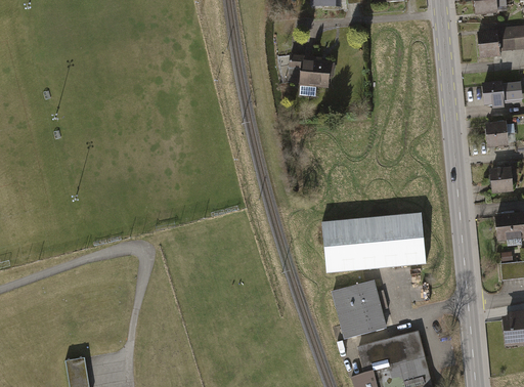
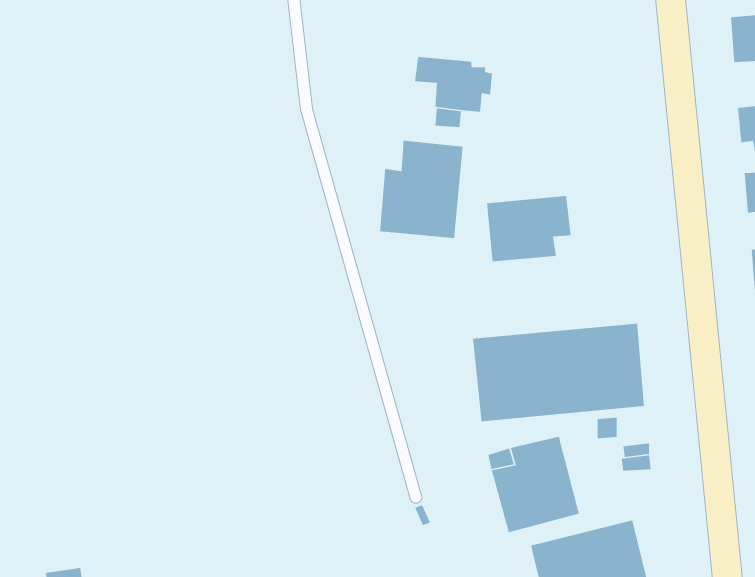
building: none -> [379,140,463,239]
building: none -> [486,195,572,262]

